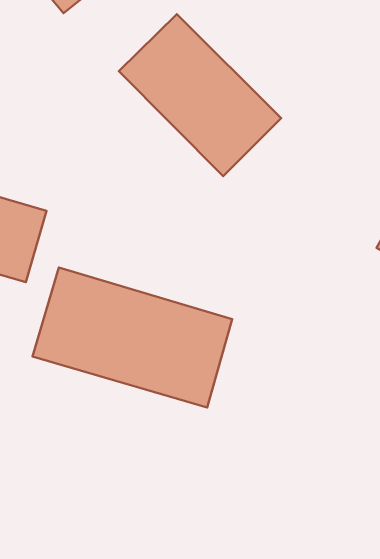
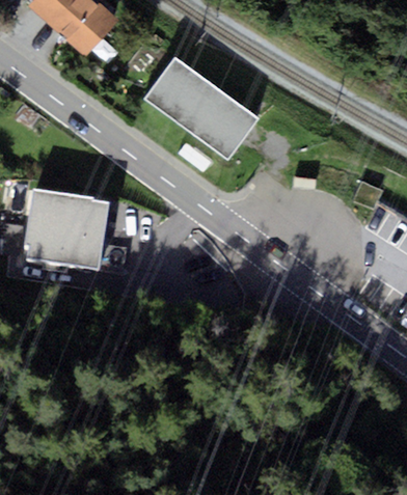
building: [33,268,232,407] -> none

